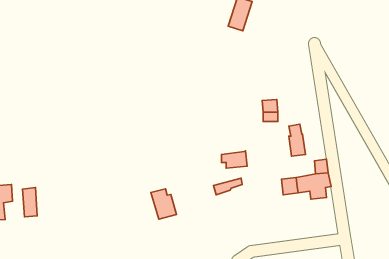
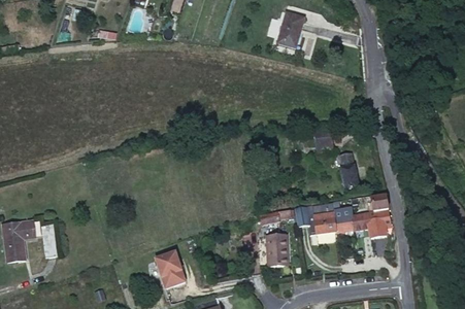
building: [221,151,247,168] -> [308,214,337,234]
building: [151,189,176,219] -> [154,258,182,291]
building: none -> [266,240,290,271]

